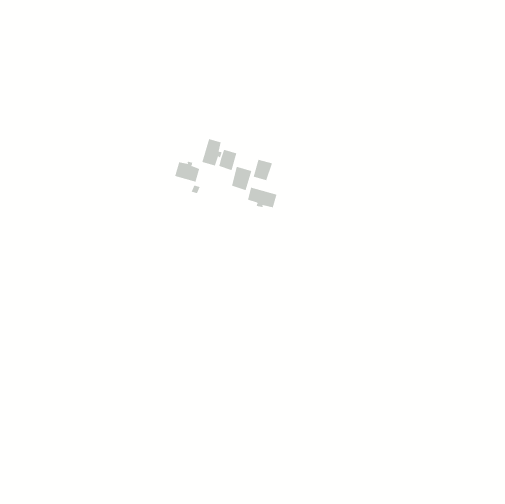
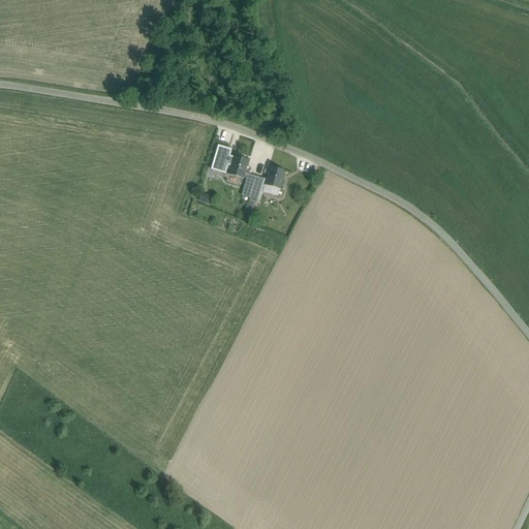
building: [174,161,200,183] -> none
building: [247,187,277,208] -> none

